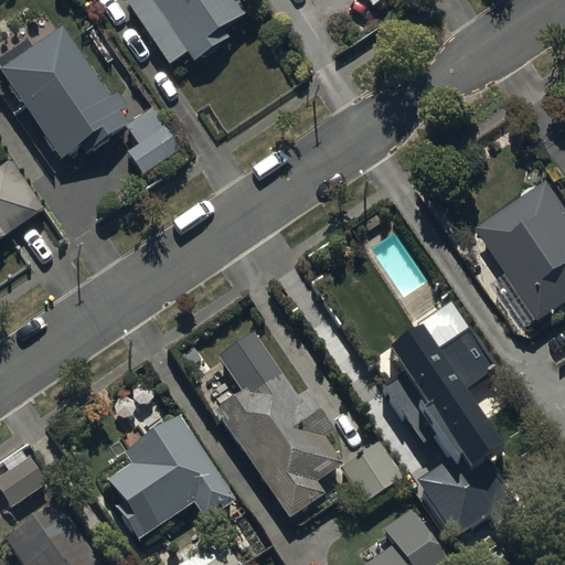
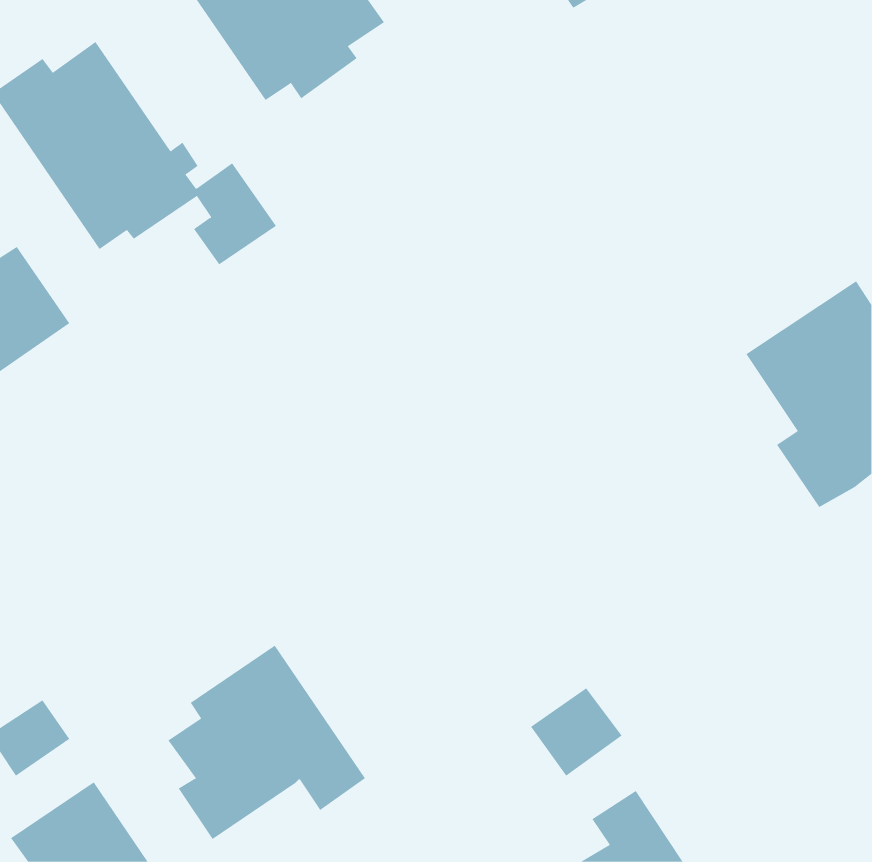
building: [383,298,514,531] -> none
building: [216,328,342,519] -> none

